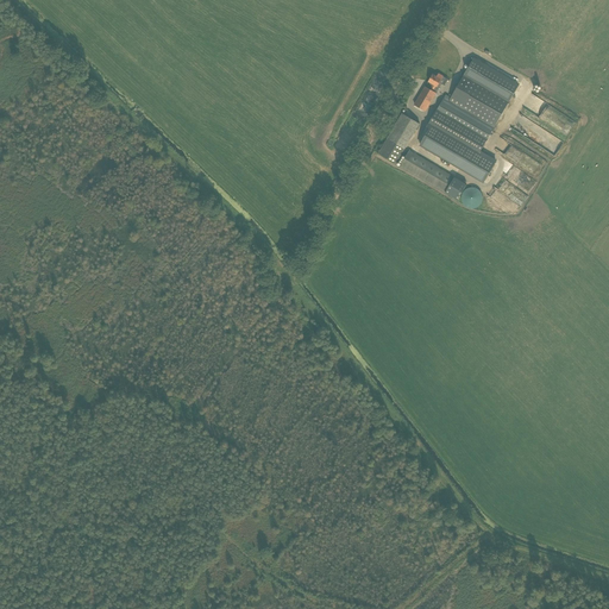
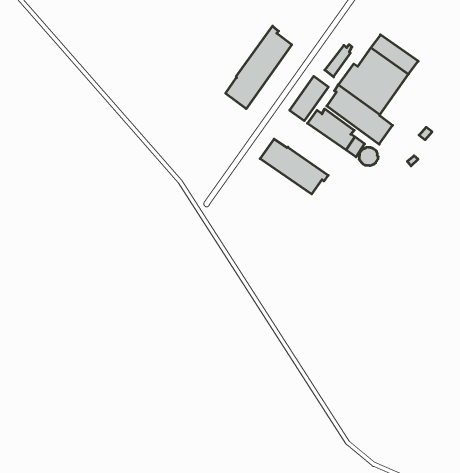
building: none -> [226,26,292,109]
building: none -> [260,139,328,194]

